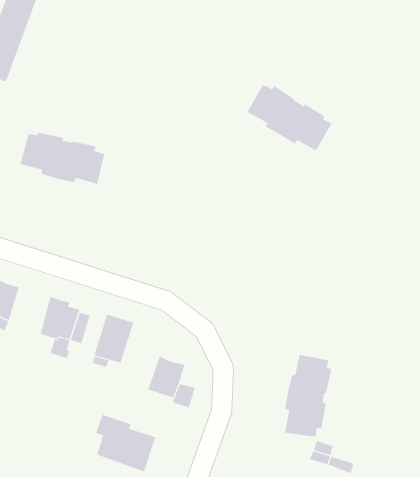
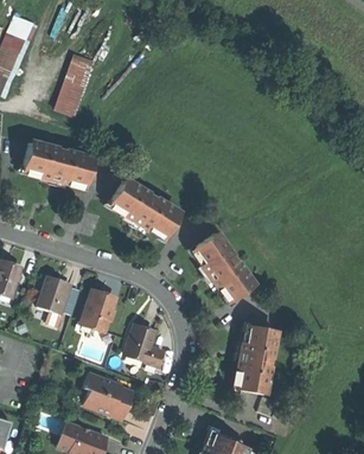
building: none -> [55,56,95,121]
building: [247,84,332,151] -> [107,178,177,232]
building: none -> [191,230,250,298]

